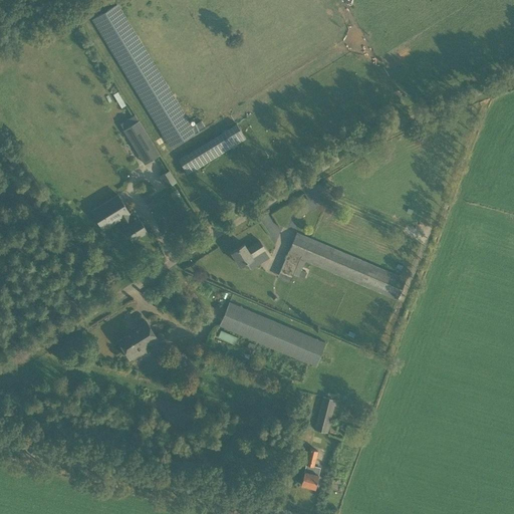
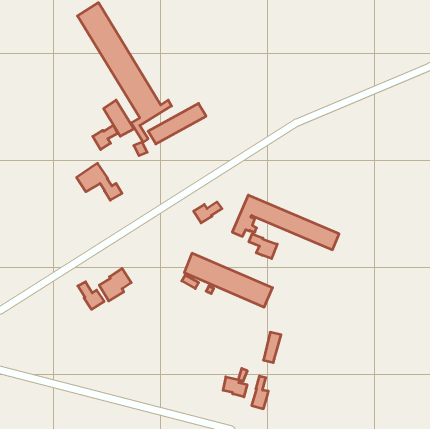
building: none -> [93,125,118,150]
building: none -> [249,234,277,259]
building: none -> [78,282,104,309]
building: none -> [223,377,247,397]

